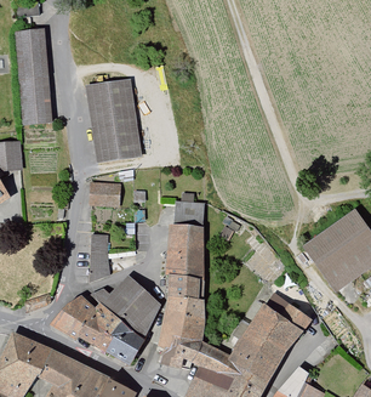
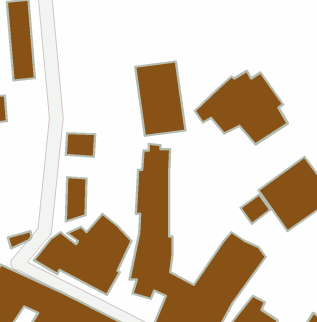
building: [84,78,141,161] -> [135,62,186,136]
building: none -> [195,71,288,145]
building: none -> [240,195,270,224]

